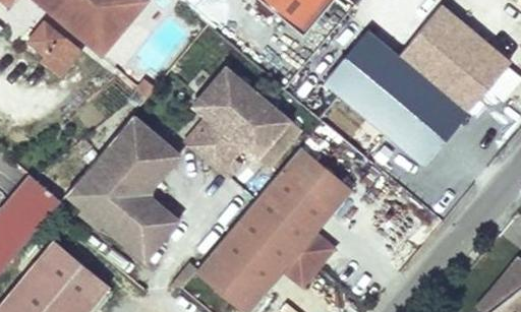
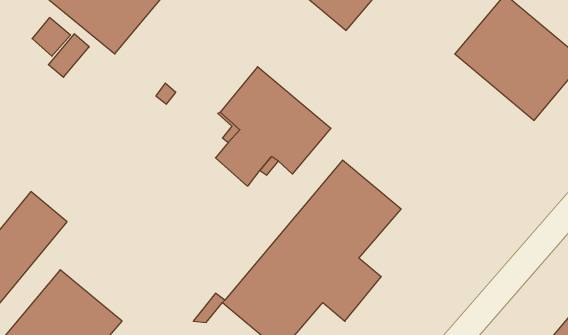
building: [324,30,467,166] -> none
building: [66,115,180,261] -> none

